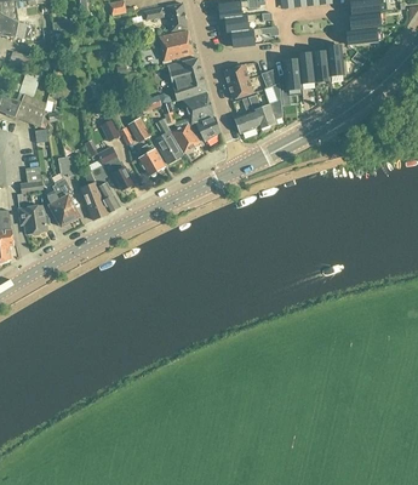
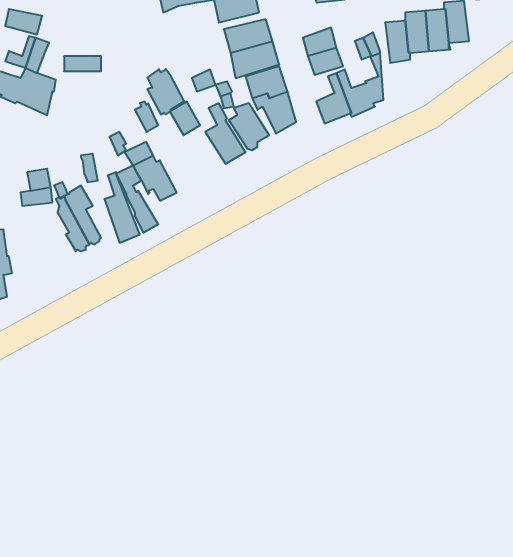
building: [137,143,164,176] -> [147,69,184,114]
building: [18,205,50,233] -> none

